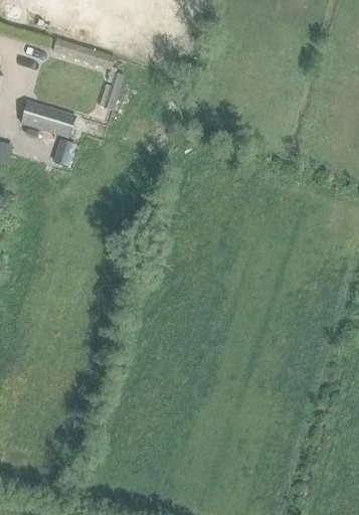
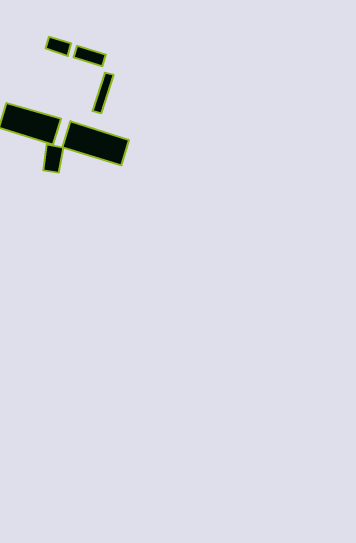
building: none -> [62,121,129,165]

